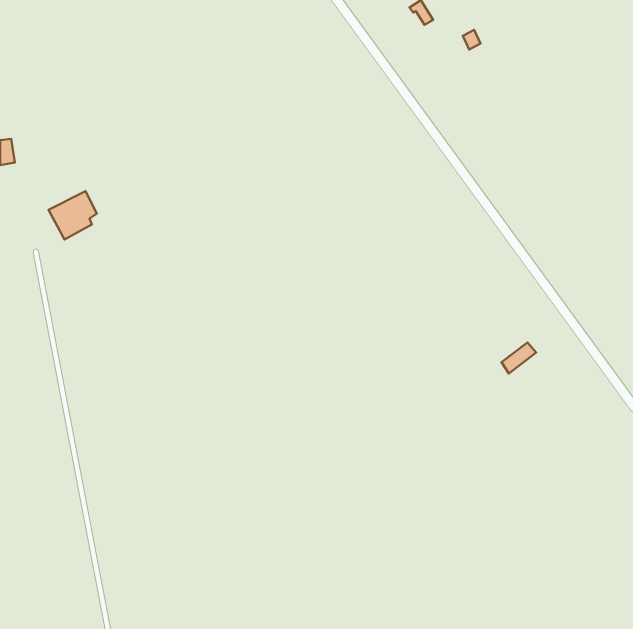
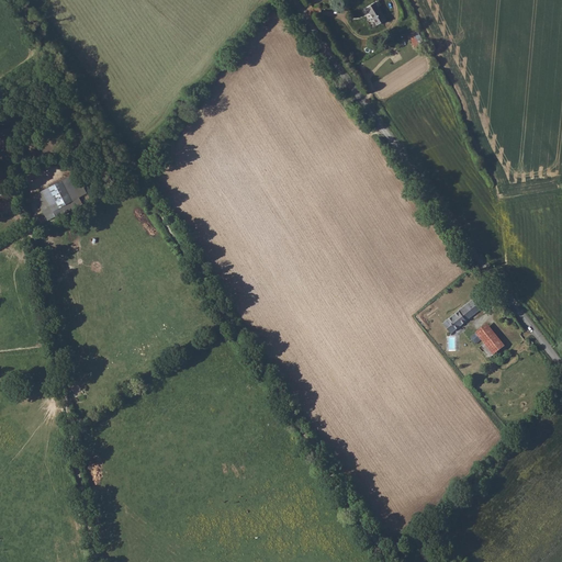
building: none -> [472,324,505,358]

